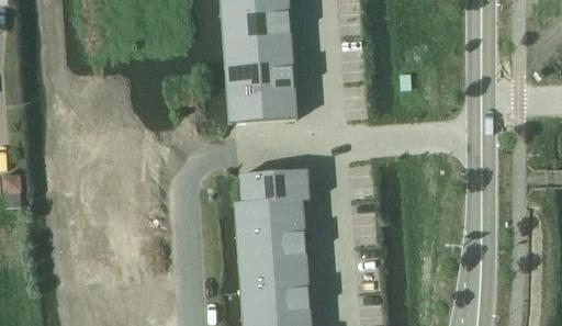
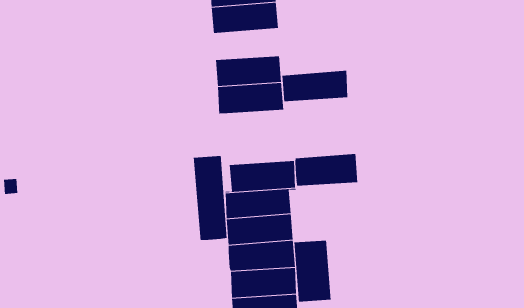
building: [223,34,292,67] -> [281,70,348,102]
building: none -> [295,153,358,186]
building: none -> [193,155,227,241]
building: none -> [294,240,331,302]

